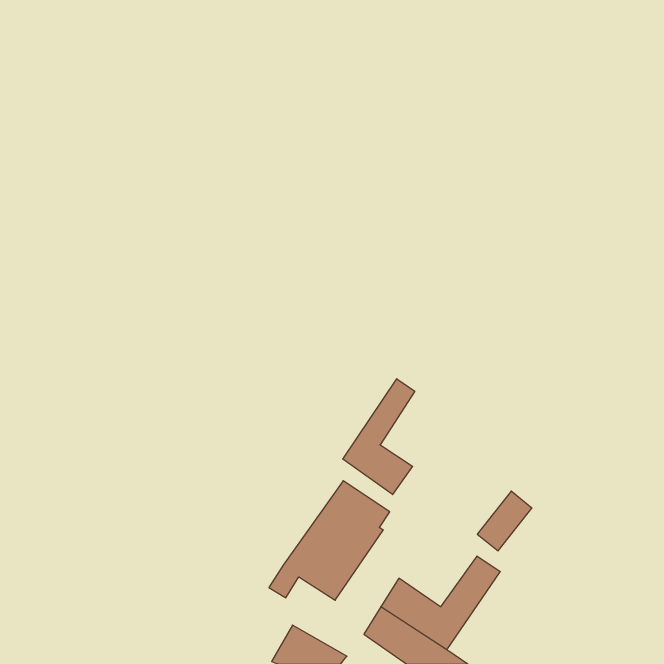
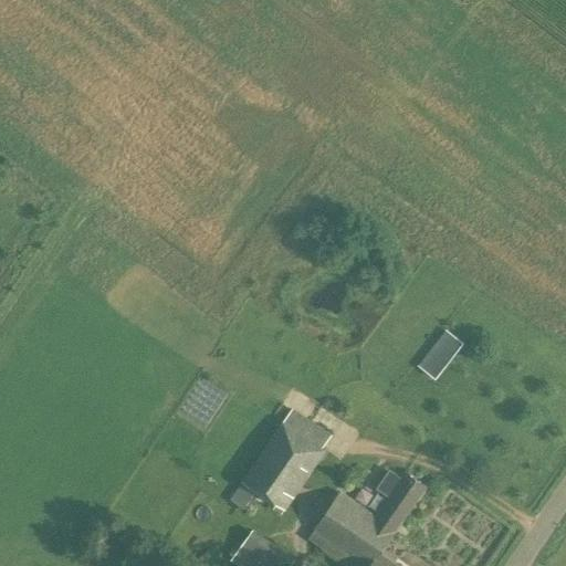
building: [343,379,415,495] -> none
building: [477,491,532,551] -> [417,328,463,379]

